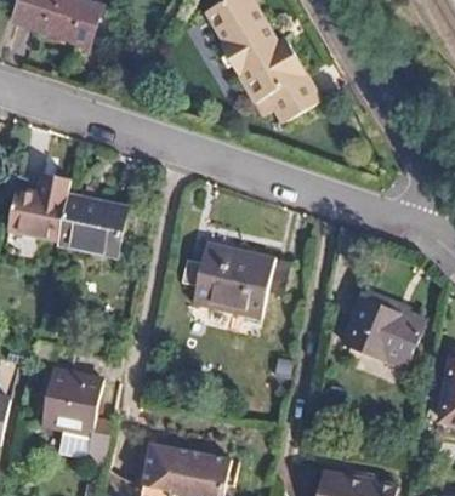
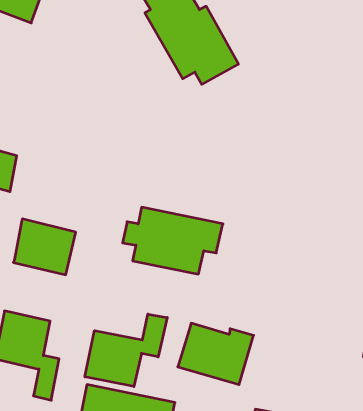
building: [57,190,125,251] -> [13,219,76,275]
building: [351,303,433,370] -> [178,323,254,385]
building: none -> [85,314,167,387]

